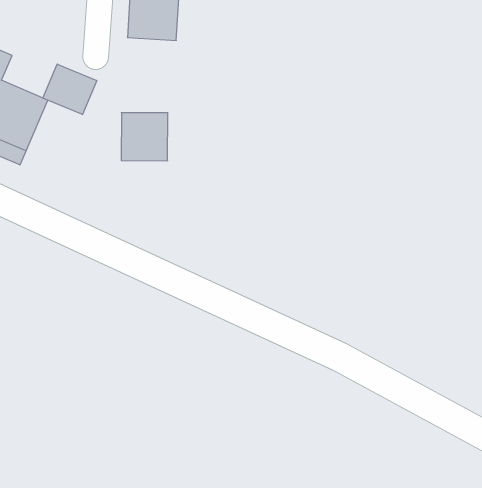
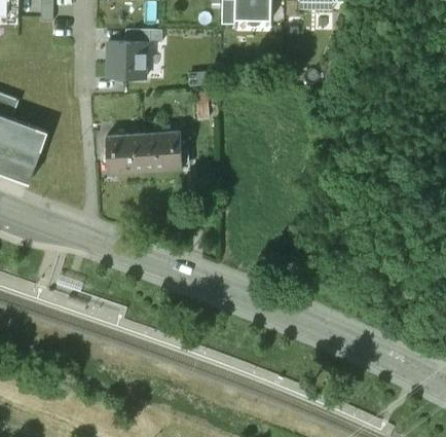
building: [43,64,97,115] -> none
building: none -> [142,135,182,174]

